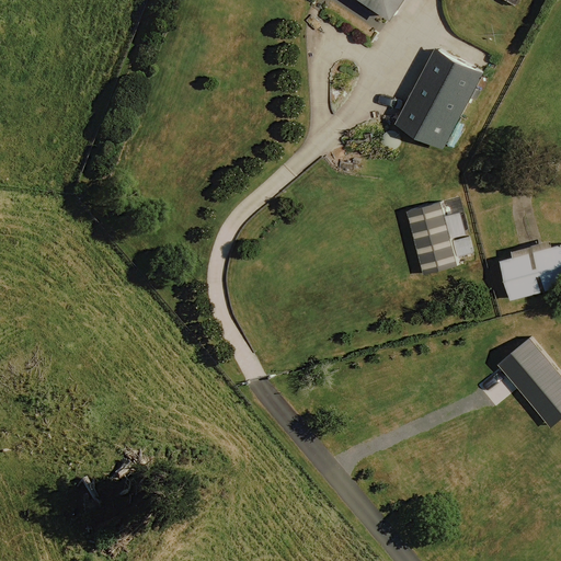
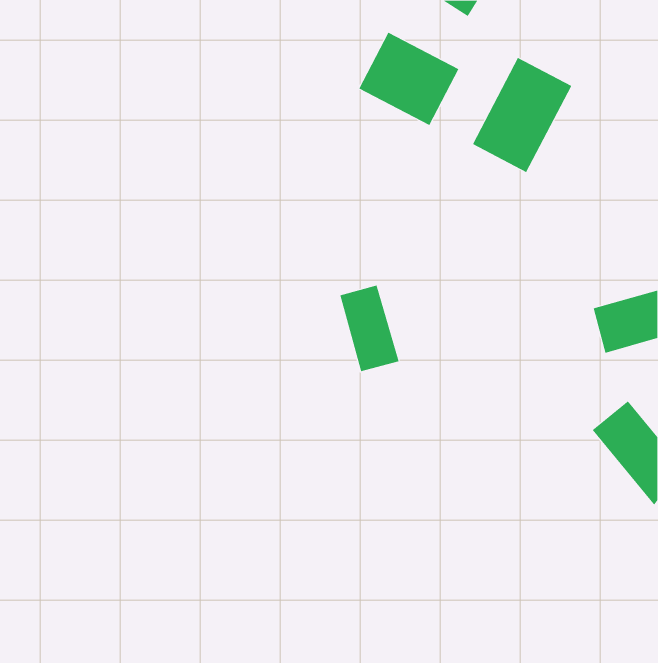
building: none -> [359,32,459,126]
building: [407,201,457,274] -> [340,285,399,372]

